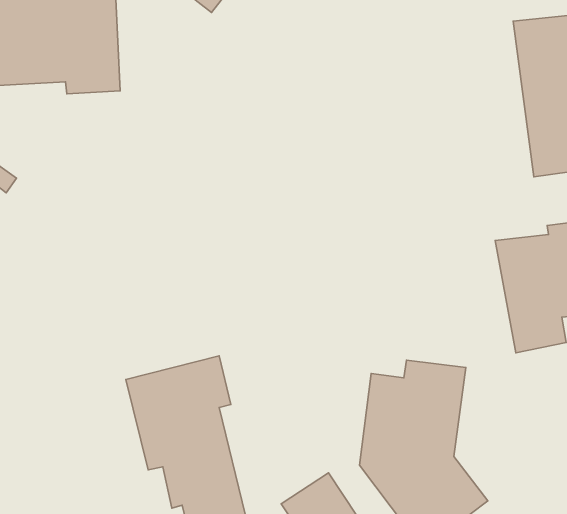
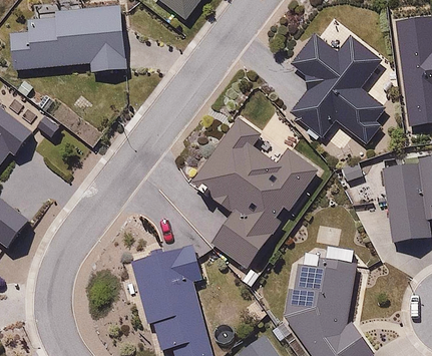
building: none -> [287,32,384,146]
building: none -> [192,117,320,272]

